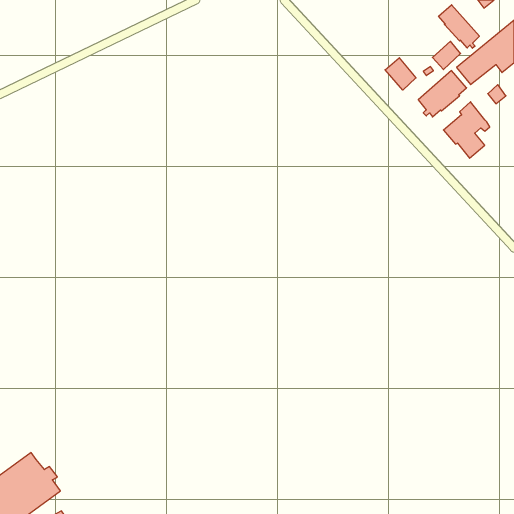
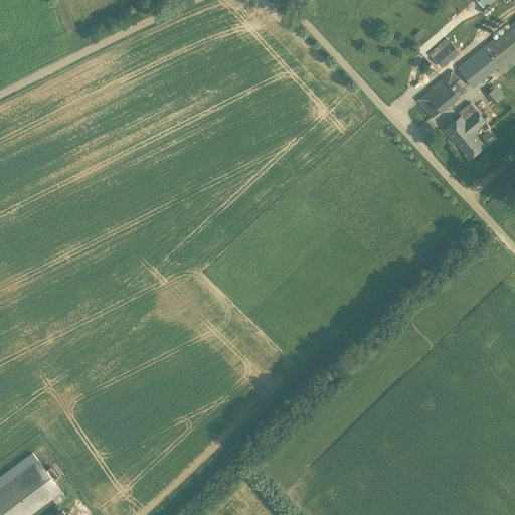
building: [439,5,479,48] -> none
building: [385,58,416,90] -> none

